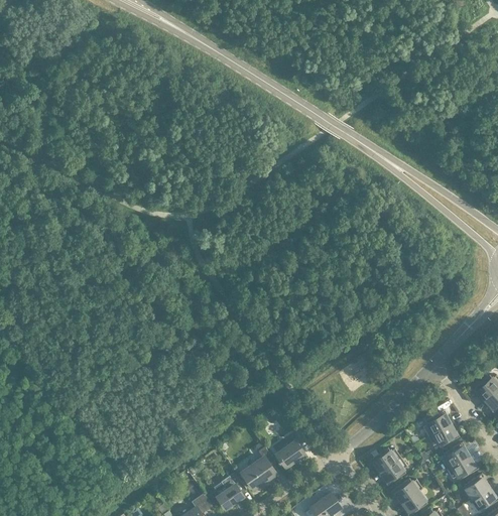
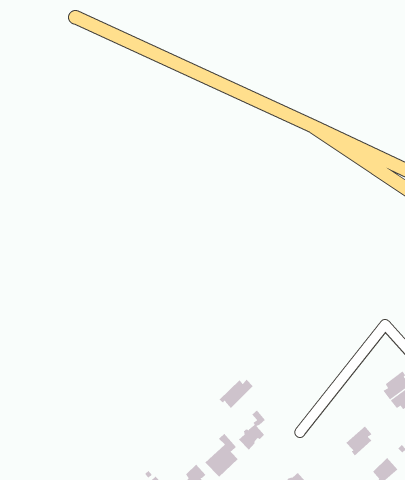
building: none -> [219,379,254,409]
building: [370,447,401,472] -> none
building: [391,478,422,503] -> none

